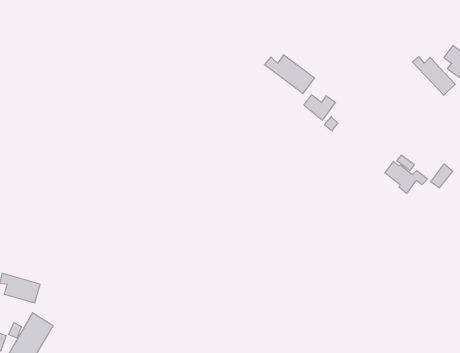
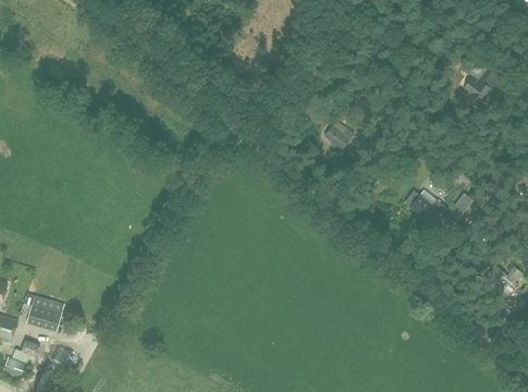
building: [264,55,314,94] -> none
building: [412,57,455,95] -> none

